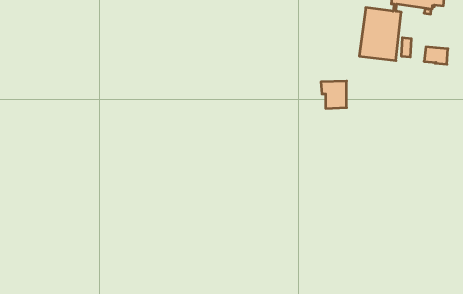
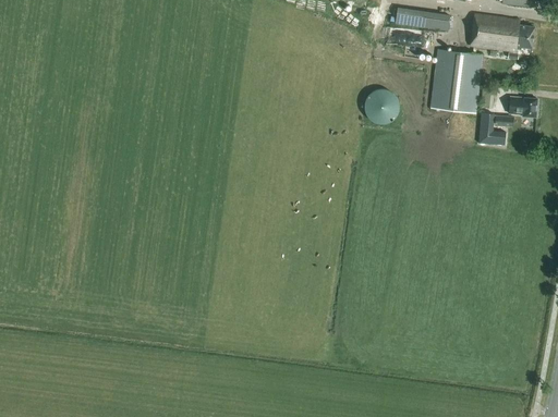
building: none -> [478,113,506,145]
building: [321,81,347,108] -> [365,89,396,122]

